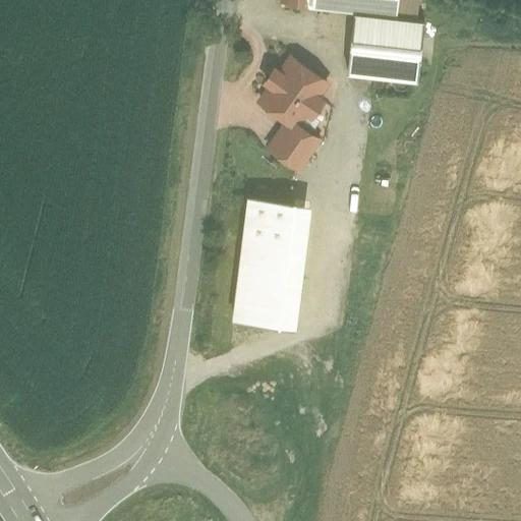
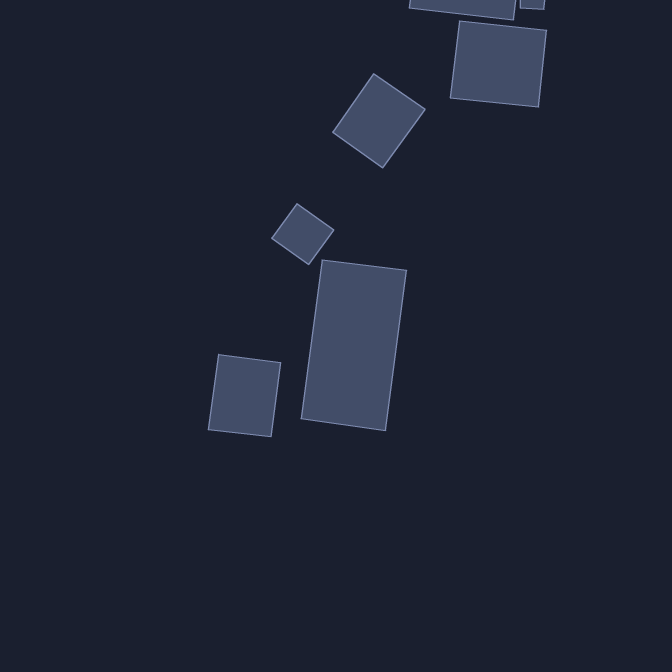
building: [265,124,312,171] -> [272,204,334,264]
building: none -> [208,354,281,437]

